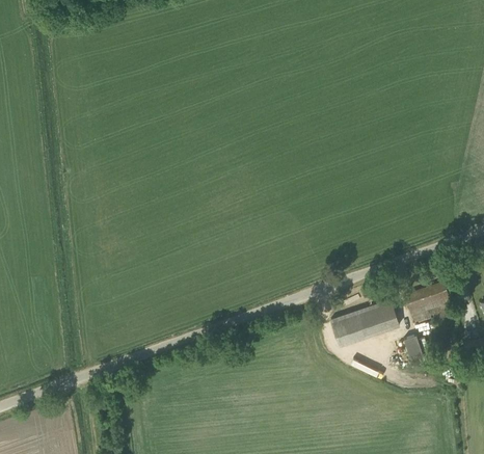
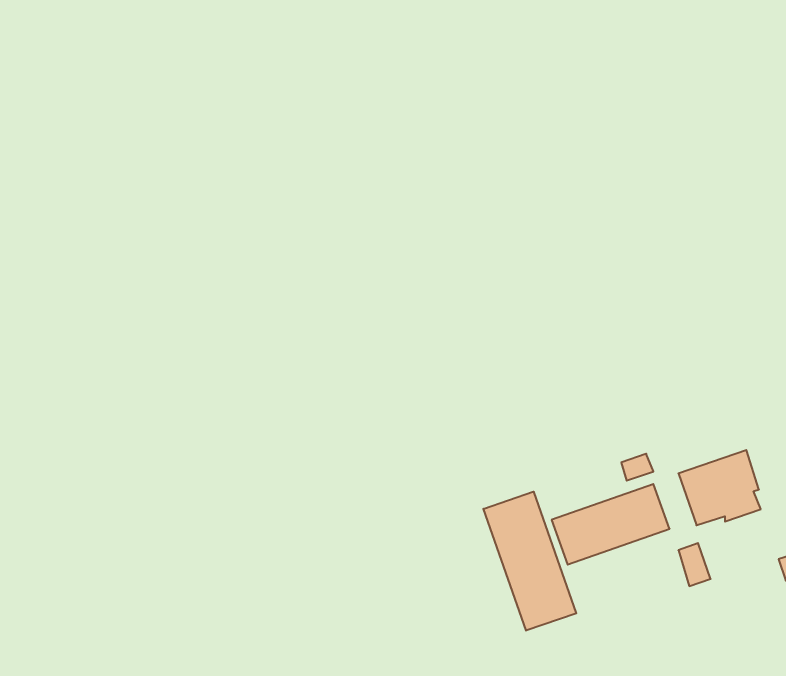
building: none -> [483,492,576,631]

